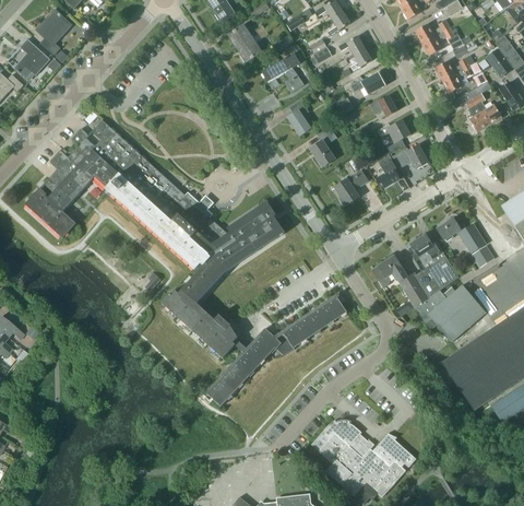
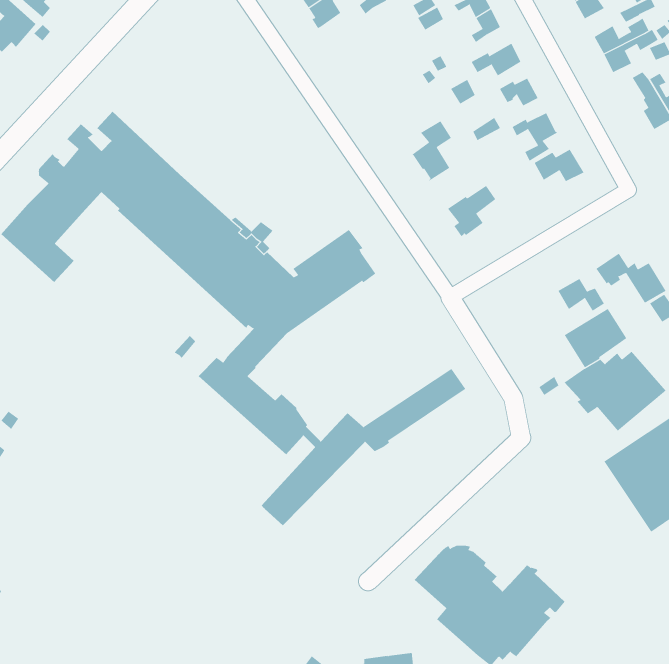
building: [262,52,305,93] -> none
building: [287,101,311,136] -> none
building: [377,153,400,188] -> none
building: [371,255,429,307] -> none

